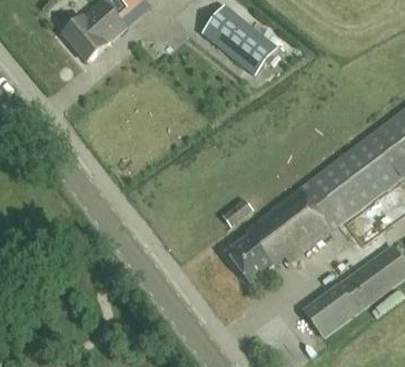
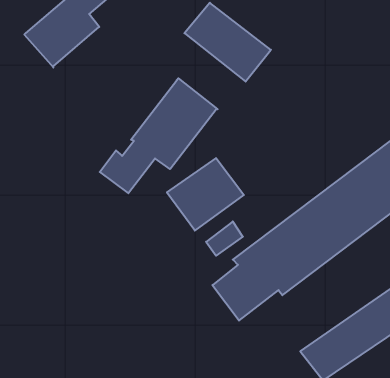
building: none -> [100,78,218,193]
building: none -> [167,158,244,231]

